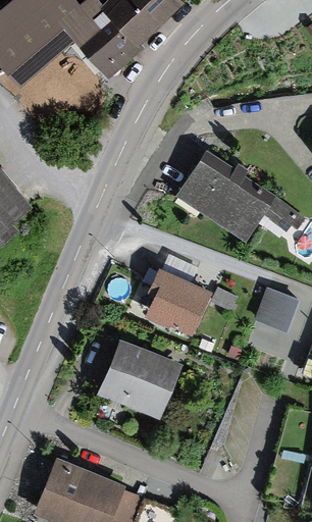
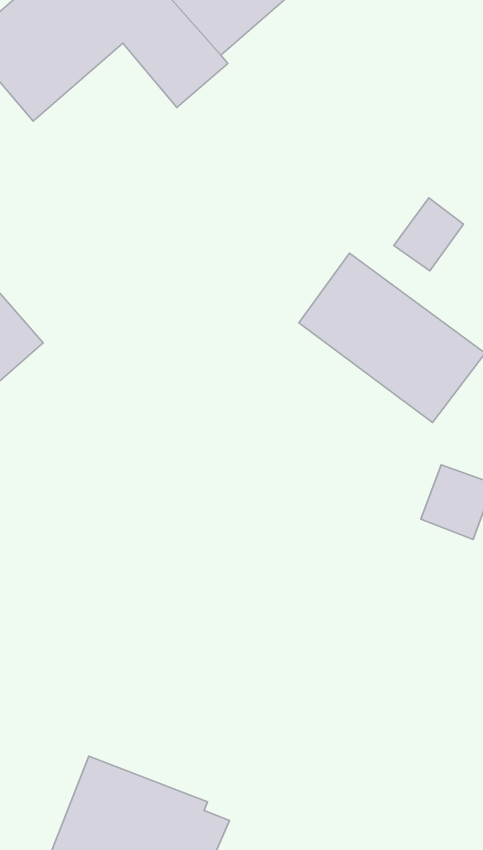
building: none -> [394,198,464,271]
building: [144,262,211,331] -> none
building: [107,346,193,428] -> none

